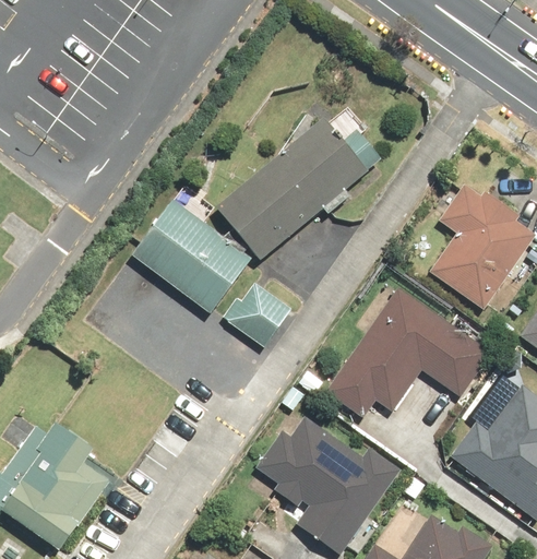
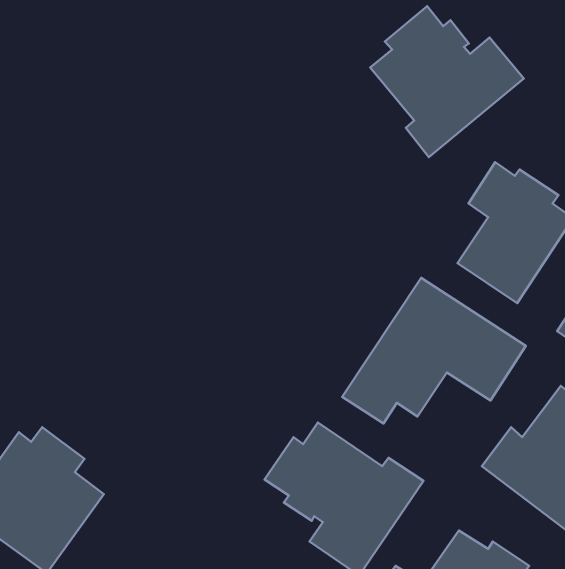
building: none -> [370,6,524,157]
building: [215,117,382,260] -> none
building: [132,199,294,352] -> none

